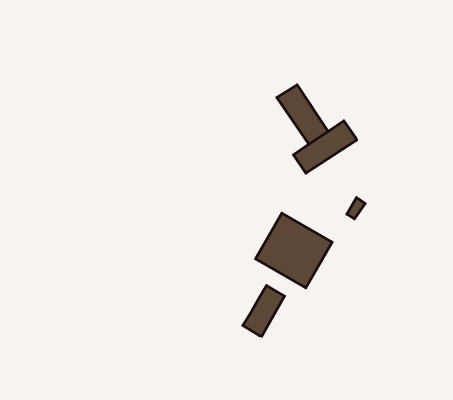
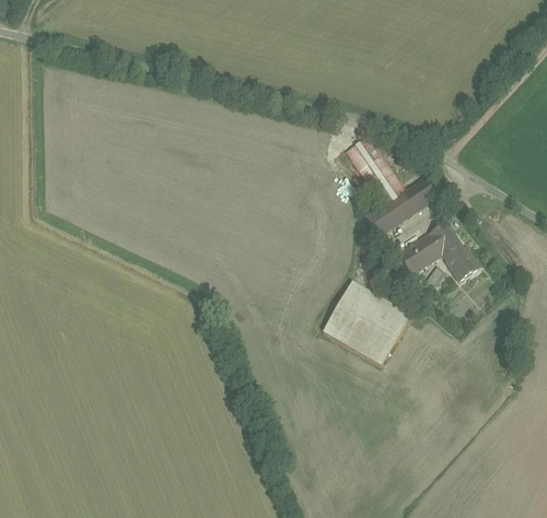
building: none -> [387,220,477,281]
building: [243,285,284,336] -> none

